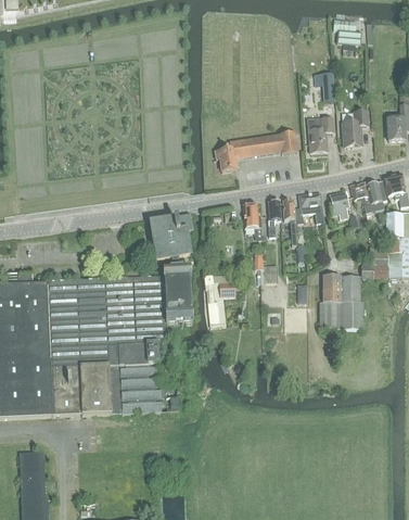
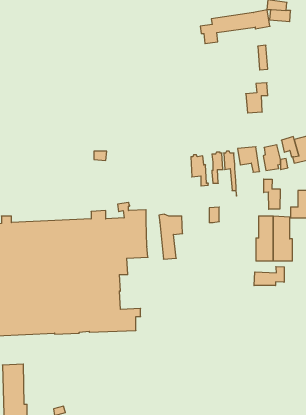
building: [342,110,367,147] -> none
building: [215,130,297,170] -> [200,10,270,44]
building: [150,215,190,262] -> none
building: none -> [264,179,280,209]
building: none -> [254,267,284,286]

